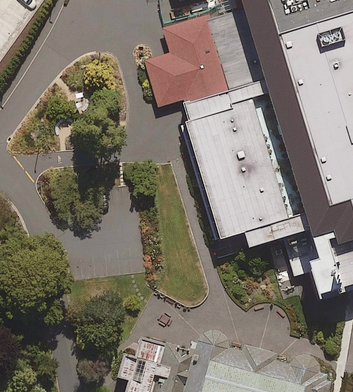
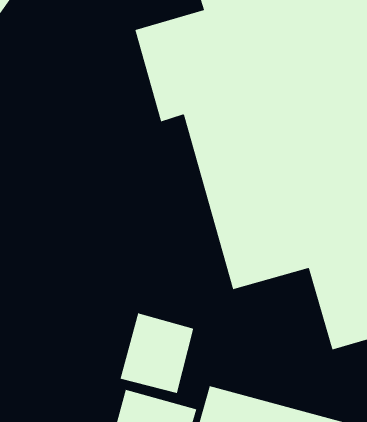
building: none -> [120,313,194,394]

